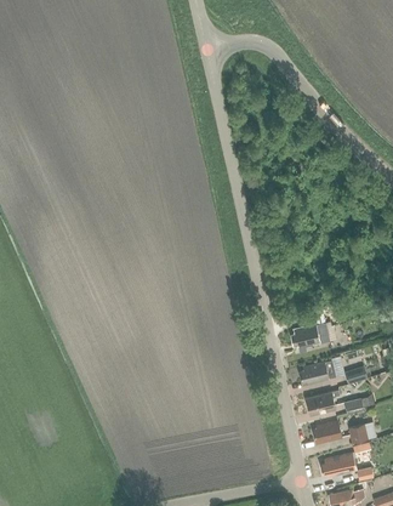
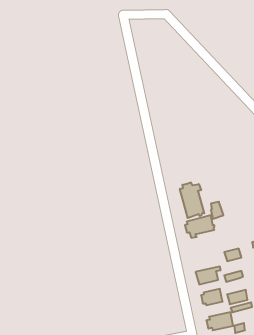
building: none -> [180,182,204,218]
building: [300,360,336,385] -> none

